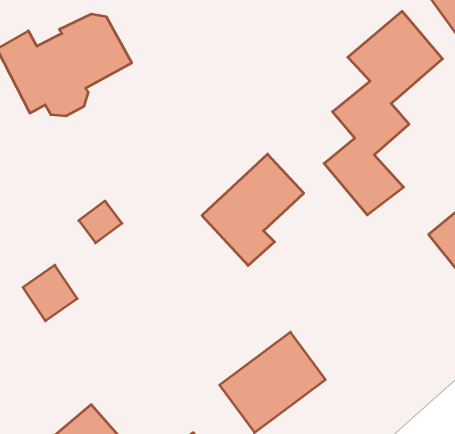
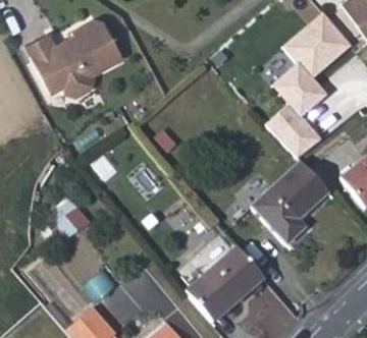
building: [202,154,304,266] -> [259,164,333,245]

